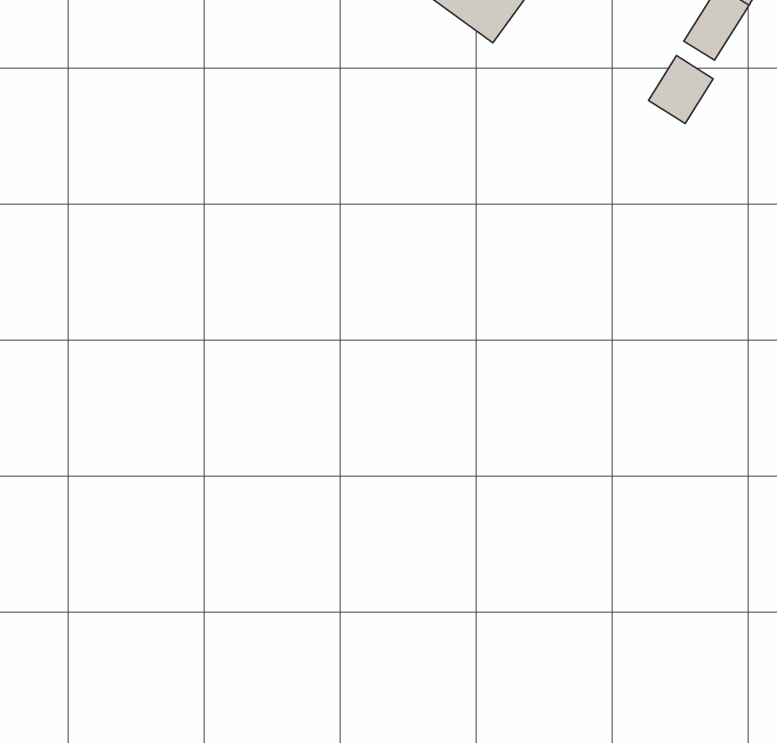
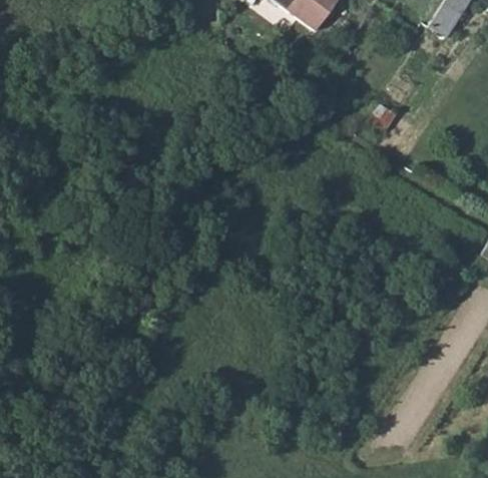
building: [649,56,713,124] -> none

